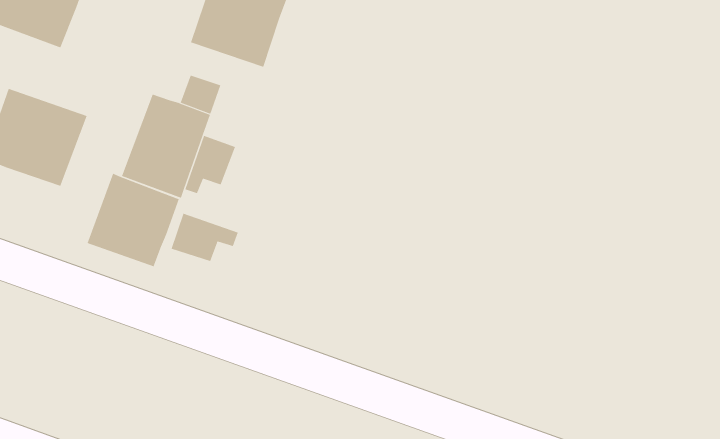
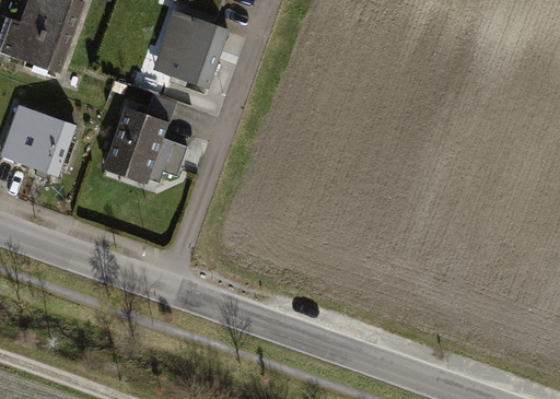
building: [87,173,179,267] -> none
building: [171,213,239,262] -> none

